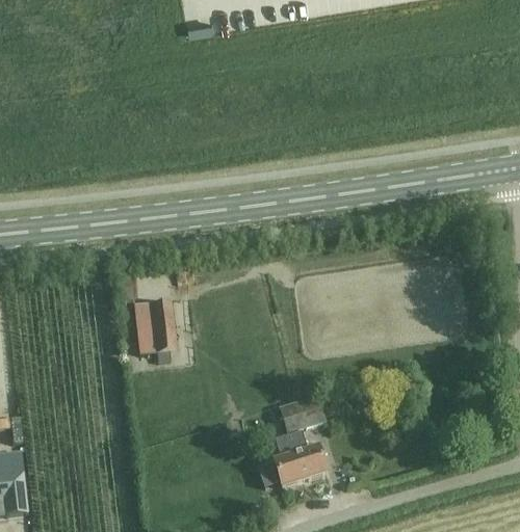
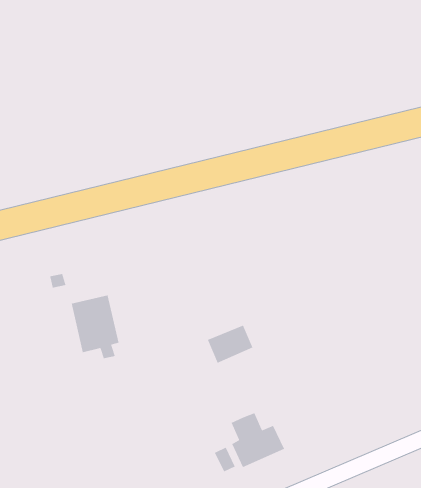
building: [280,396,324,431] -> [207,325,254,364]

